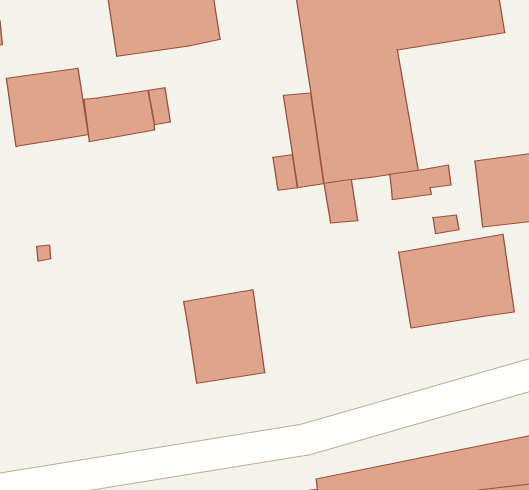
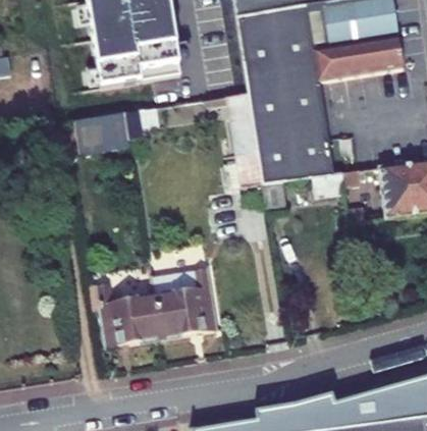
building: [7,68,88,147] -> none
building: [399,234,514,328] -> none
building: none -> [100,282,164,348]

